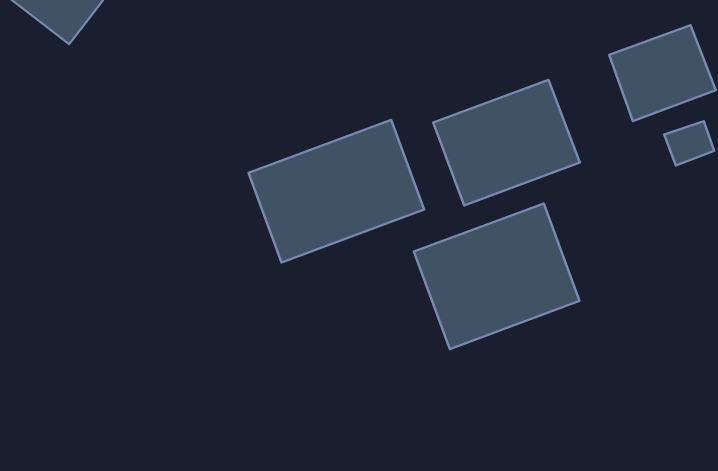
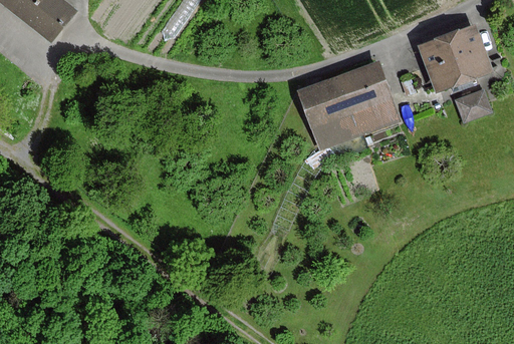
building: [248,120,424,262] -> none
building: [414,203,580,349] -> none

